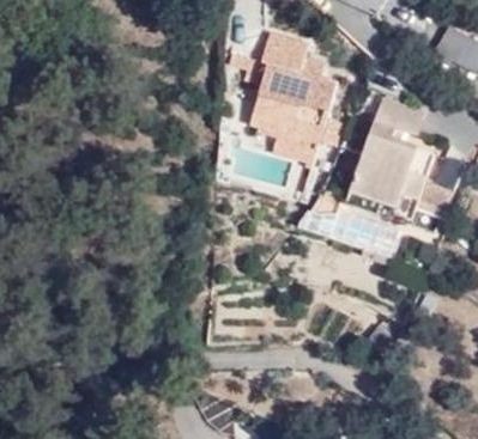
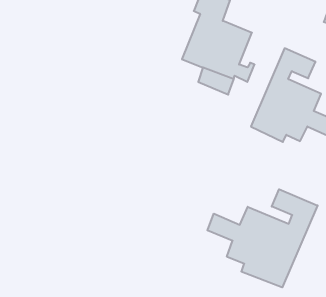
building: none -> [207,189,318,287]

